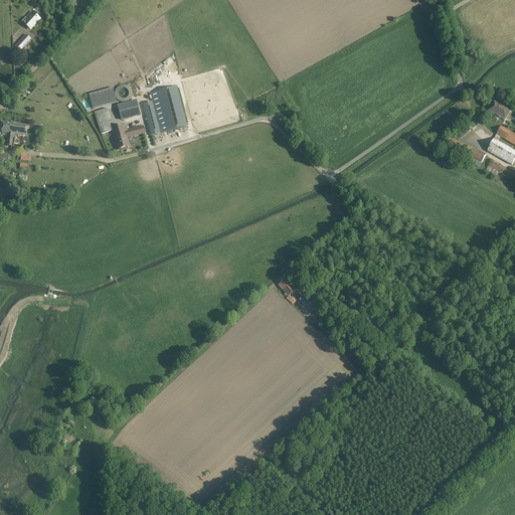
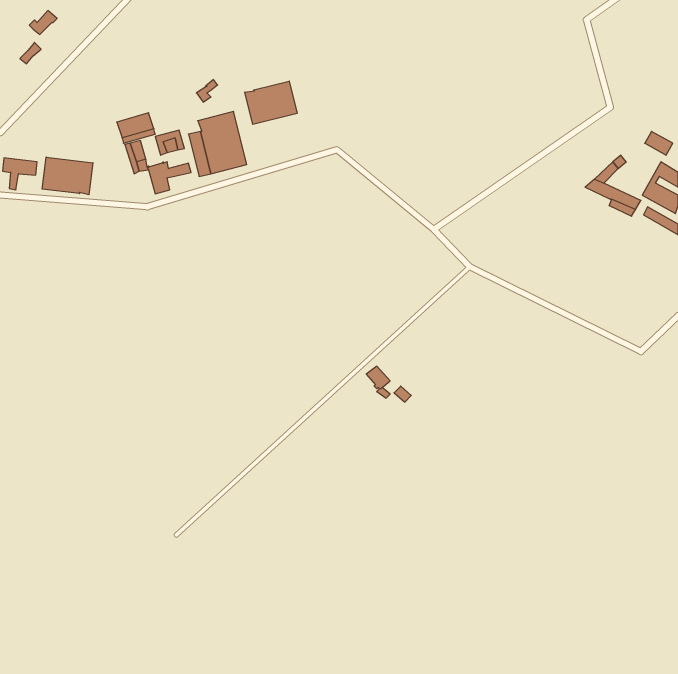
building: none -> [245,81,297,124]
building: none -> [42,157,93,195]

